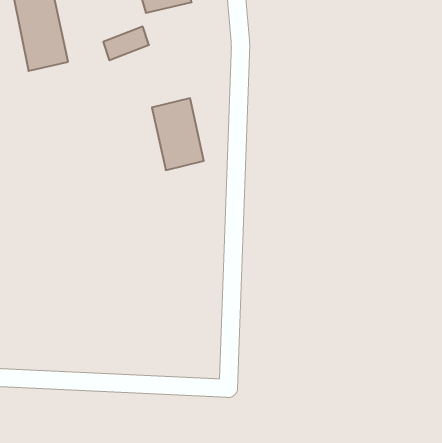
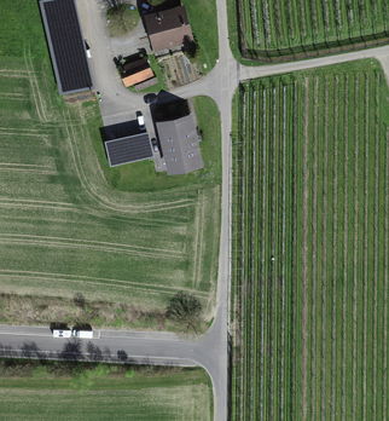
building: none -> [105,131,152,163]

